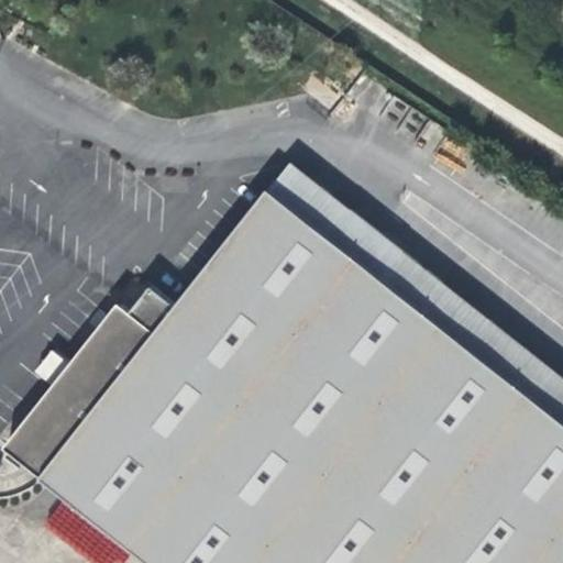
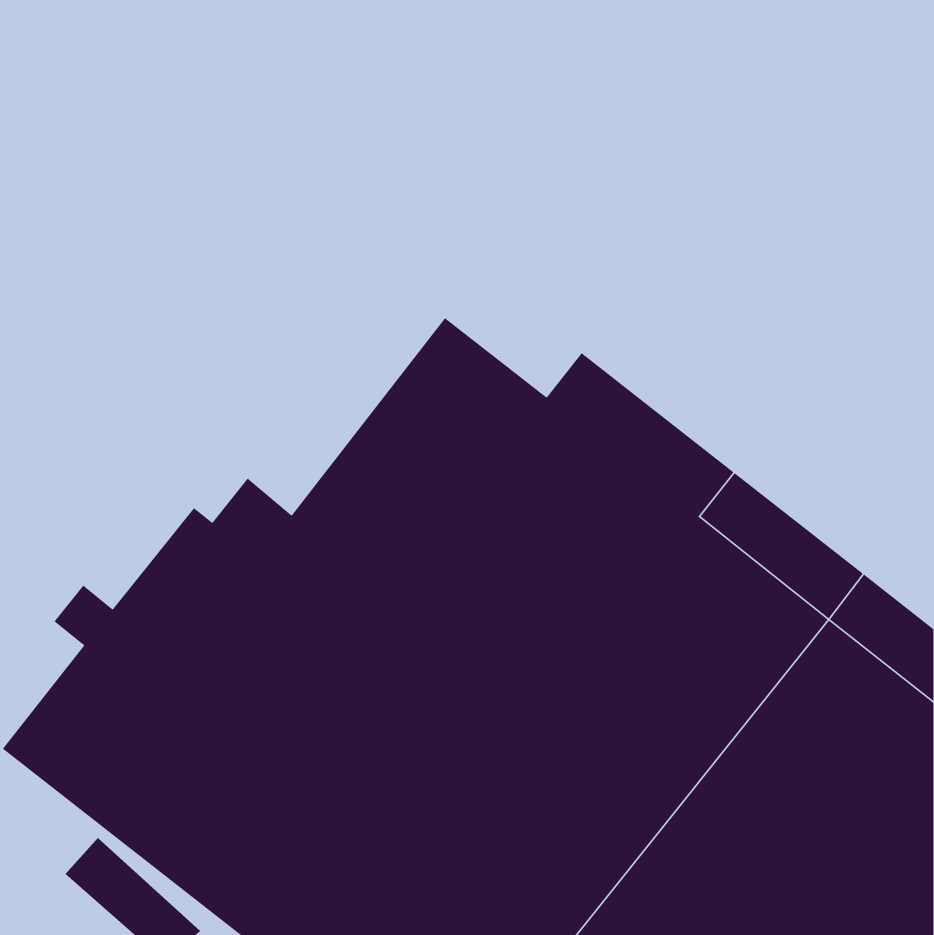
building: [265,167,346,241] -> none

